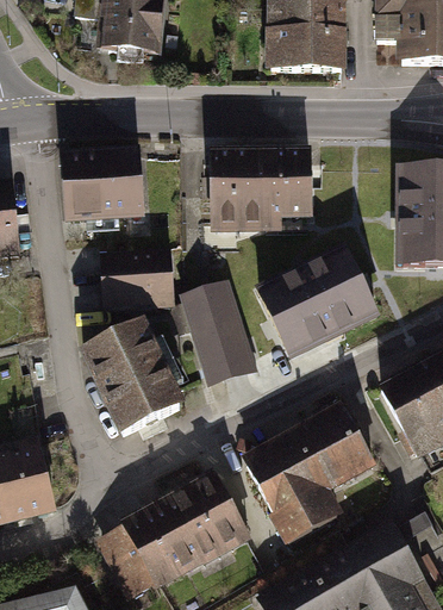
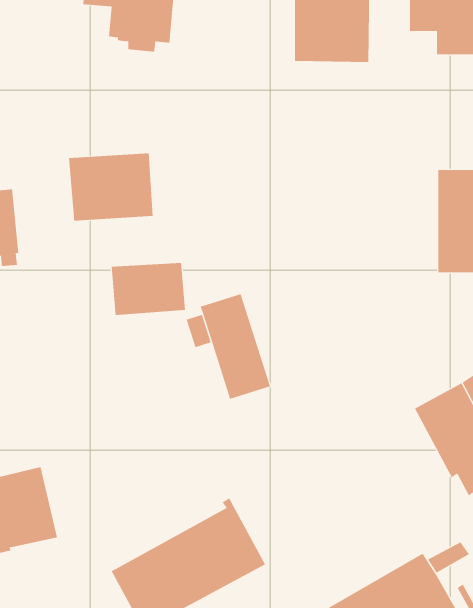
building: [213,154,312,223] -> none
building: [262,253,376,354] -> none
building: [86,325,180,434] -> none
building: [248,411,374,542] -> none

